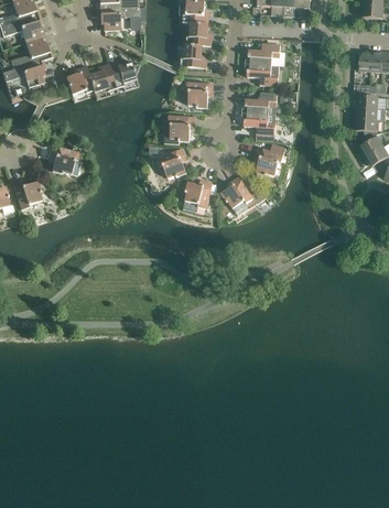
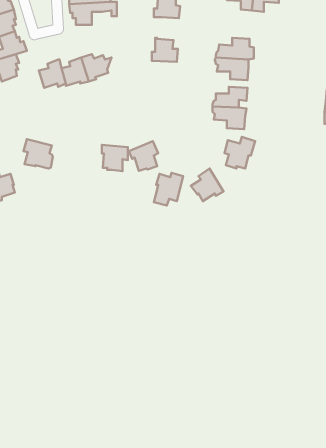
building: [185,22,212,45] -> none
building: [185,82,213,108] -> none
building: [168,115,194,141] -> [102,145,128,171]

